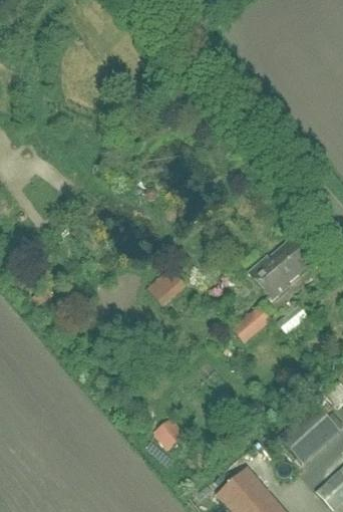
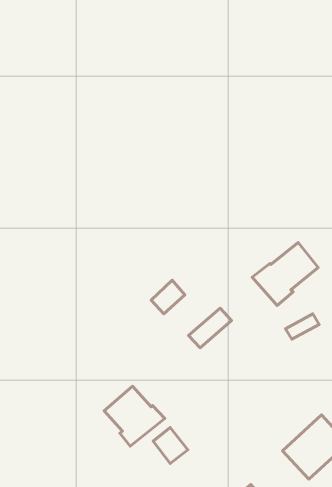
building: [233,304,274,342] -> [189,308,232,348]
building: none -> [104,386,165,446]

